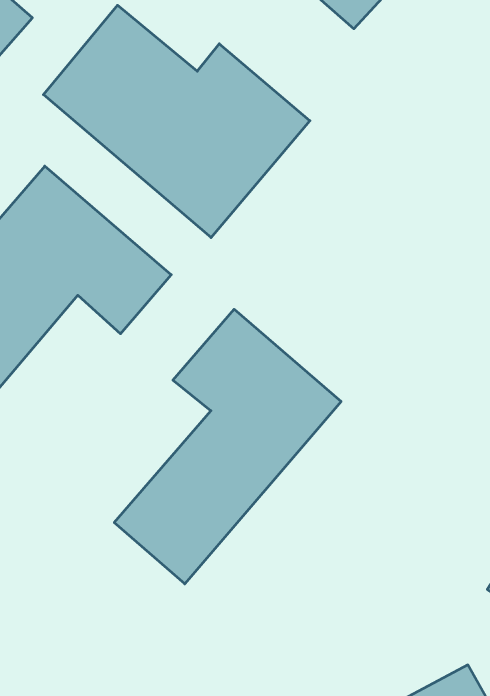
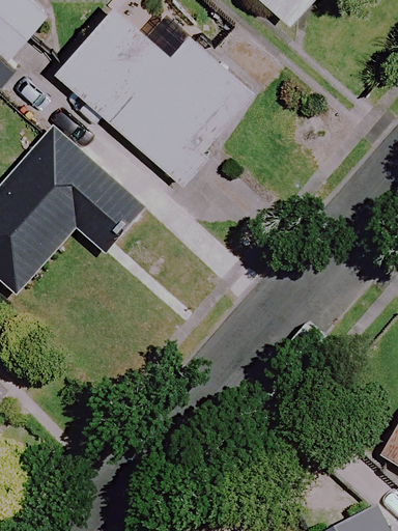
building: [114,309,341,584] -> none

